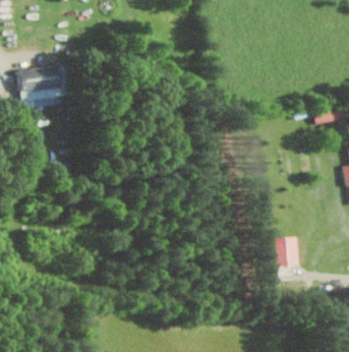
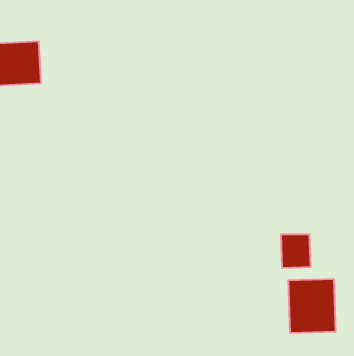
building: none -> [288,279,335,333]

